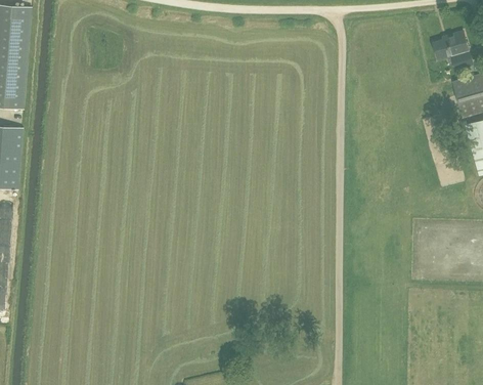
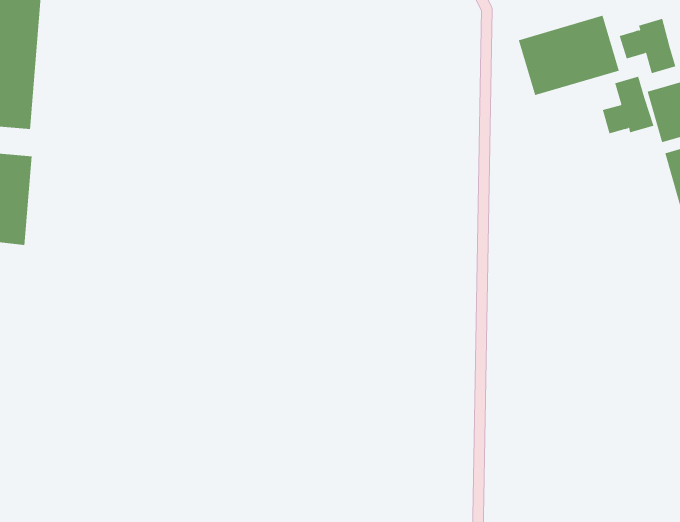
building: none -> [518,15,619,96]
building: none -> [602,76,654,134]

